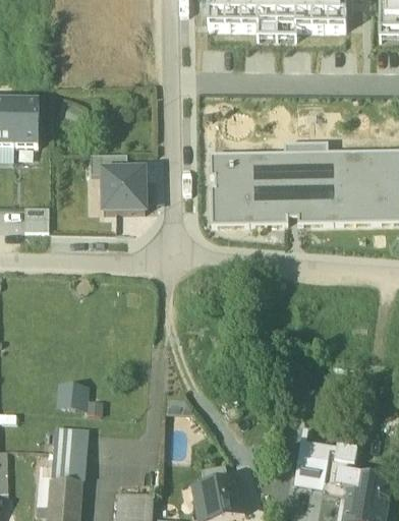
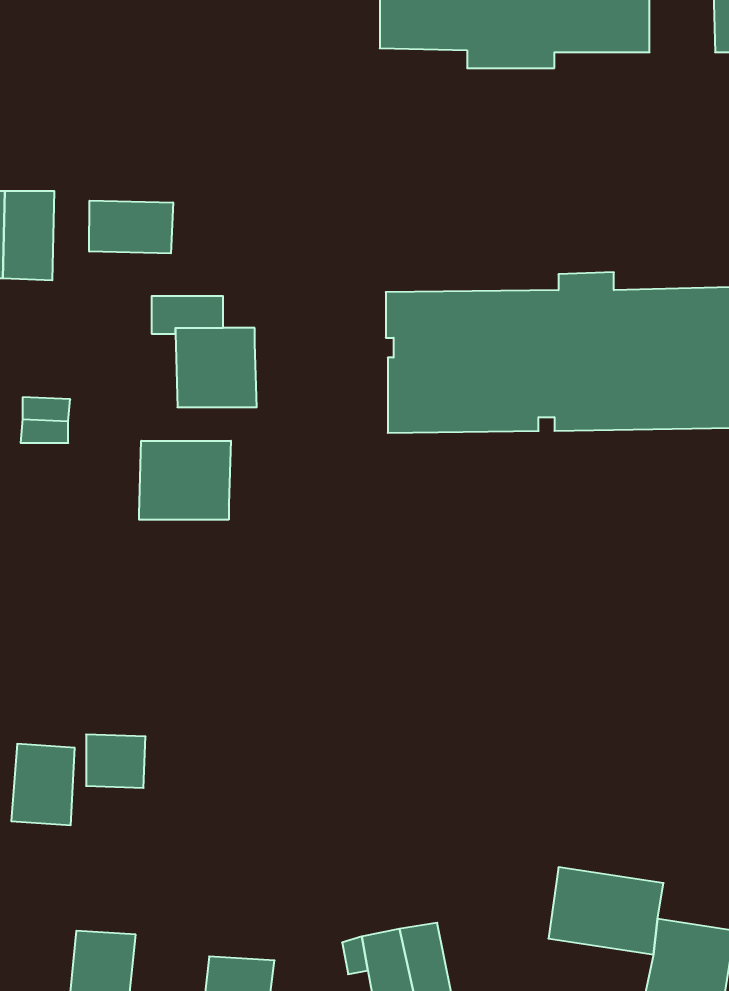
building: none -> [89,201,173,253]
building: none -> [139,441,231,520]
building: [52,440,84,481] -> [11,744,75,825]

